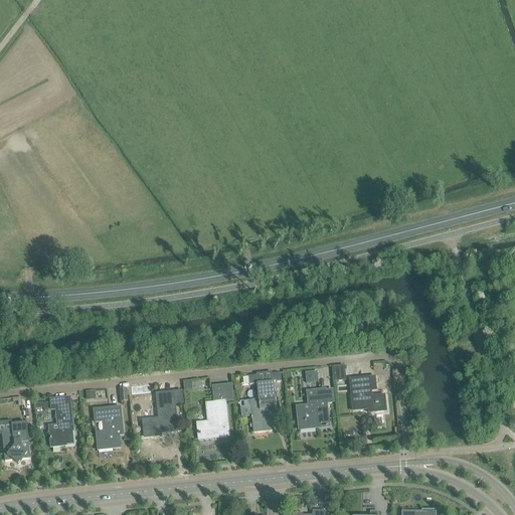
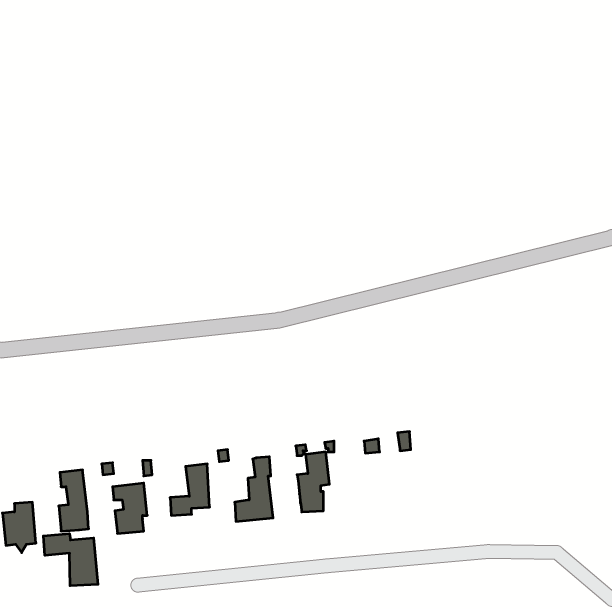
building: [349,375,385,410] -> none
building: [297,387,328,426] -> none
building: none -> [43,534,98,586]

